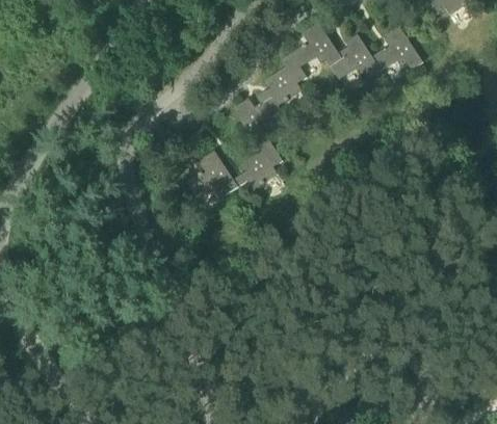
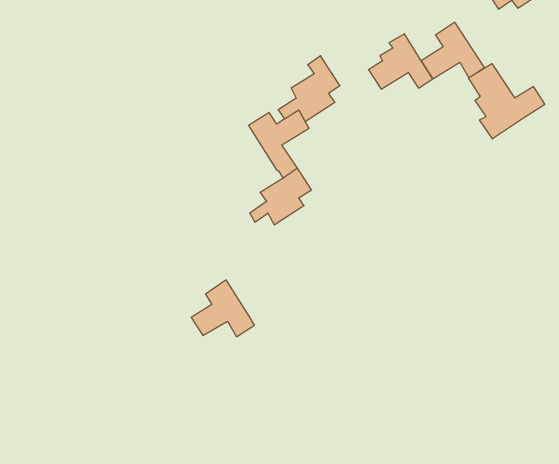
building: [290,22,340,67] -> none
building: none -> [468,64,545,139]
building: [186,150,237,195] -> [191,280,254,337]

